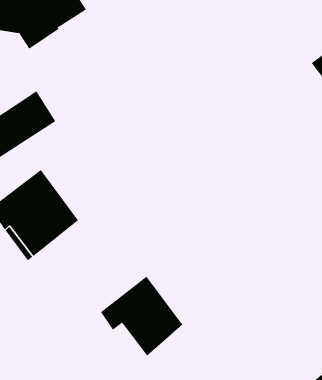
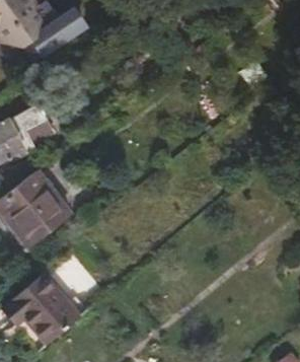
building: [100,276,183,357] -> [8,270,82,342]

